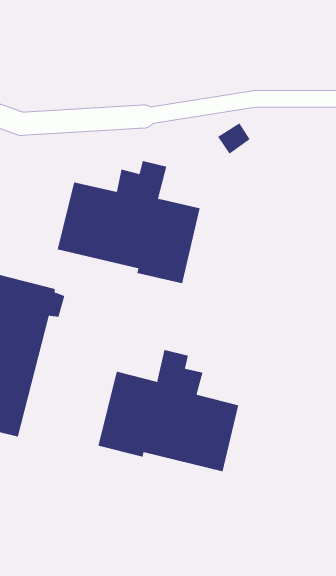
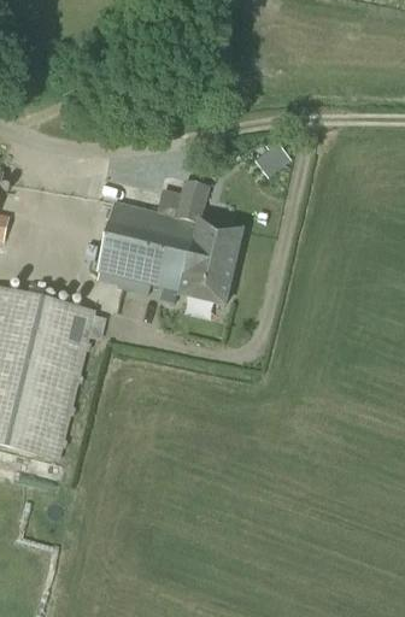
building: [98,349,239,472] -> none

